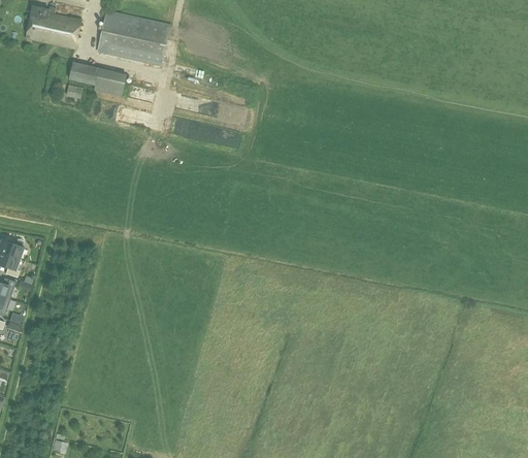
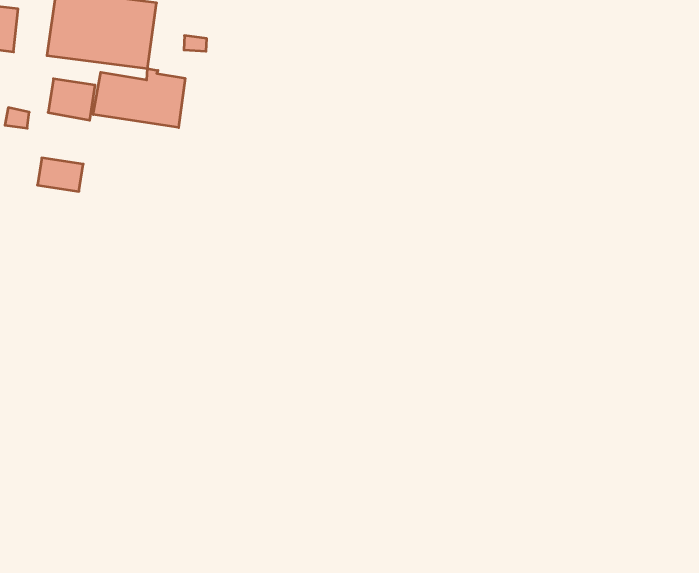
building: [69,61,100,85] -> [37,158,83,191]
building: none -> [93,68,185,128]

